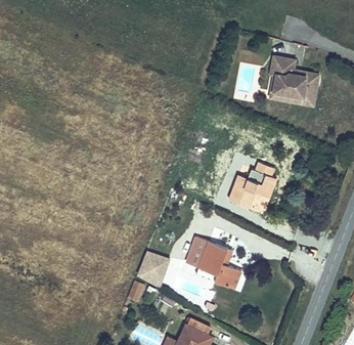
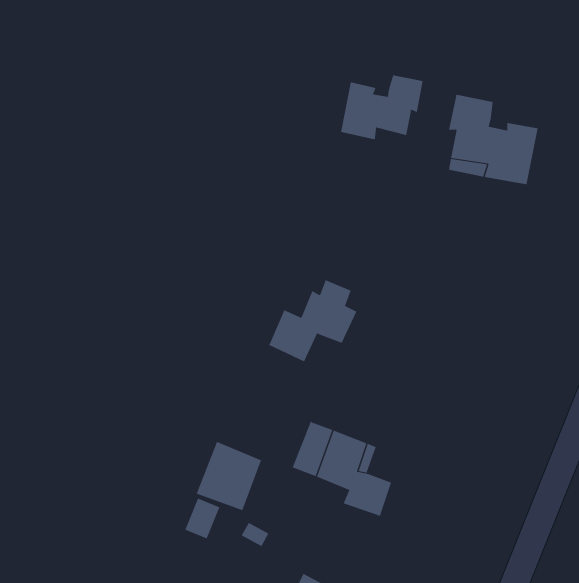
building: none -> [340,75,423,140]
building: [229,165,277,210] -> [269,279,357,362]

